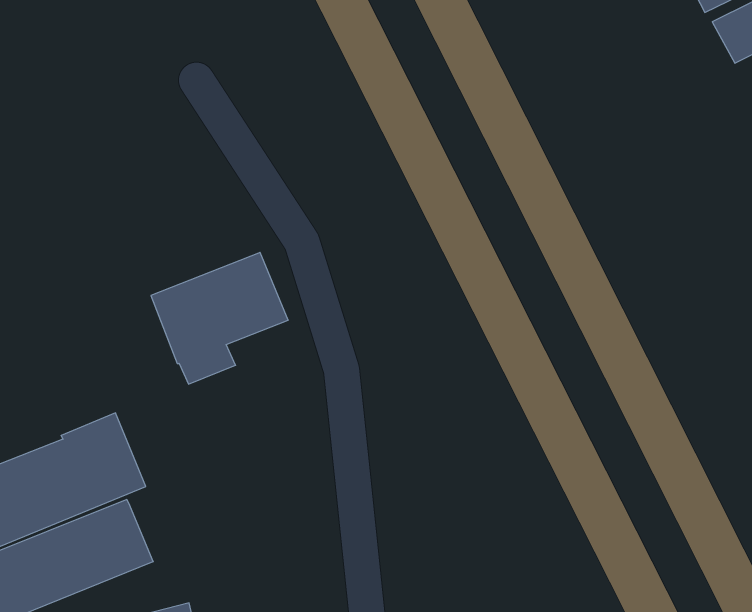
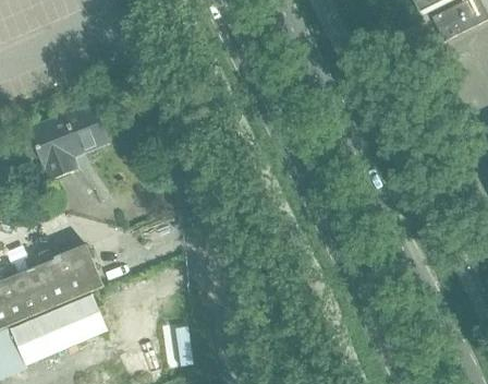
building: [151,252,288,384] -> [27,104,107,180]

